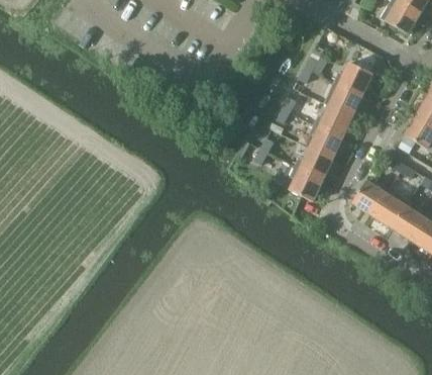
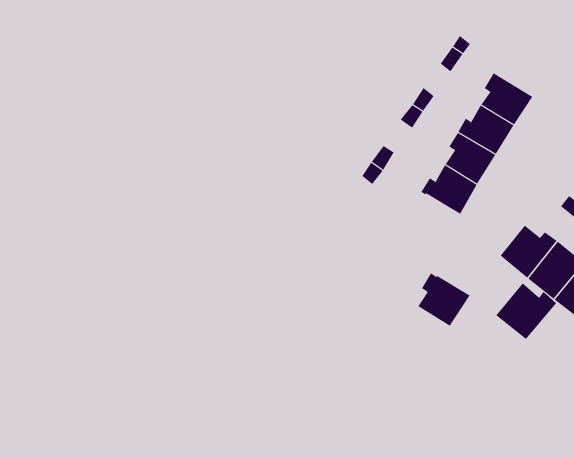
building: [335,61,373,94] -> none
building: [290,166,324,200] -> [418,273,470,327]
building: none -> [496,283,557,340]

